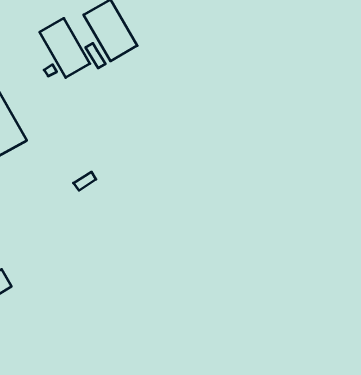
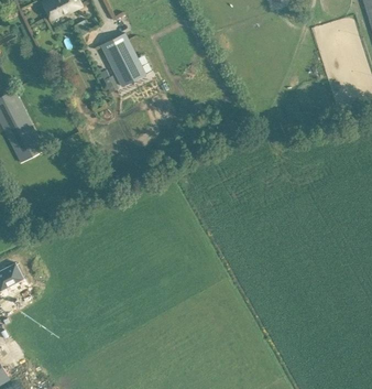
building: [40,18,90,78] -> none

